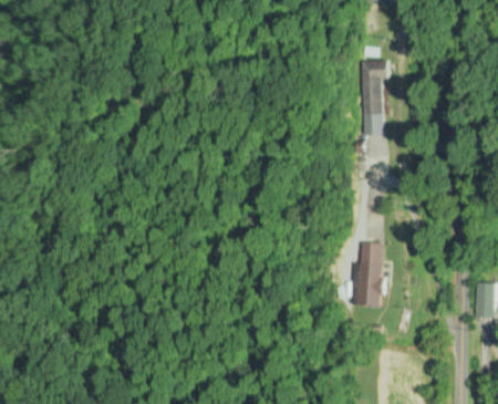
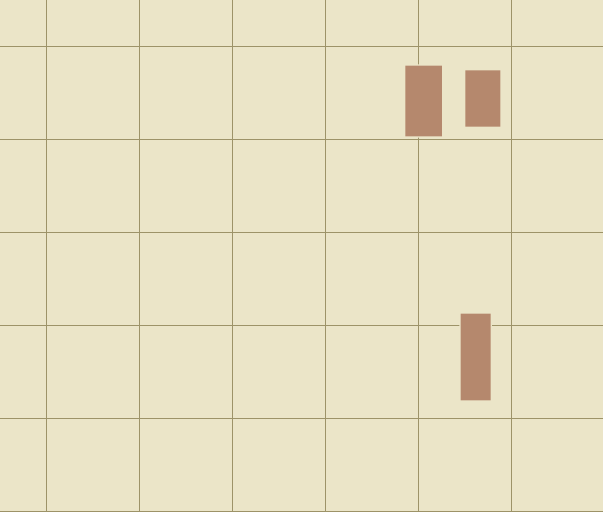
building: none -> [405,65,442,137]

